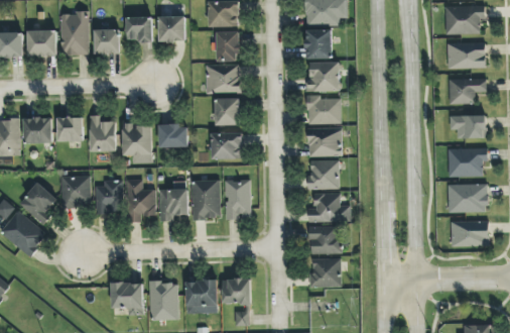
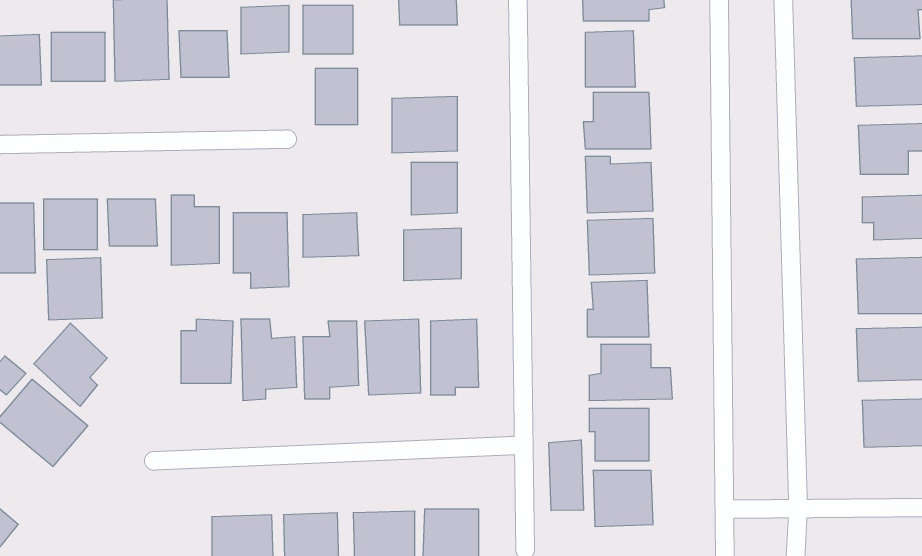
building: [216,31,238,61] -> [315,68,358,125]
building: [60,176,90,208] -> [47,258,103,320]
building: none -> [549,440,584,511]

